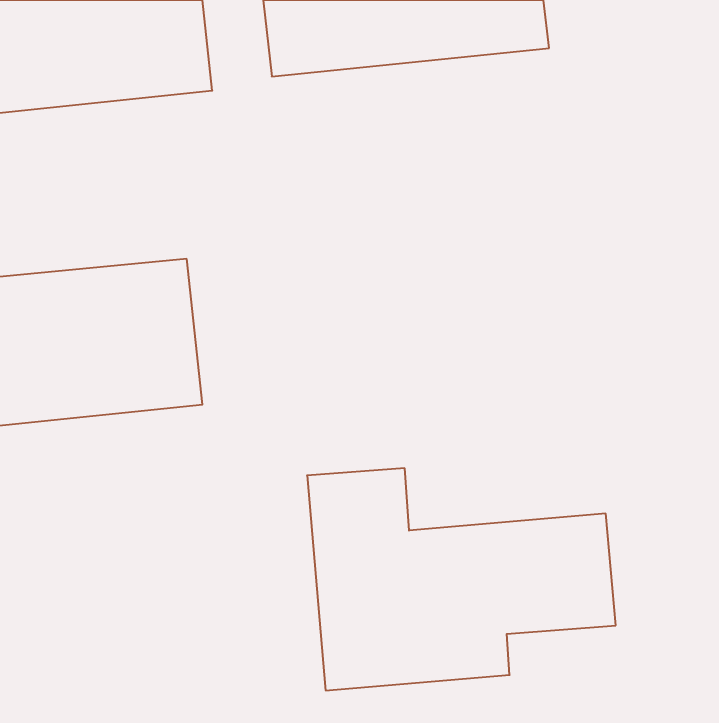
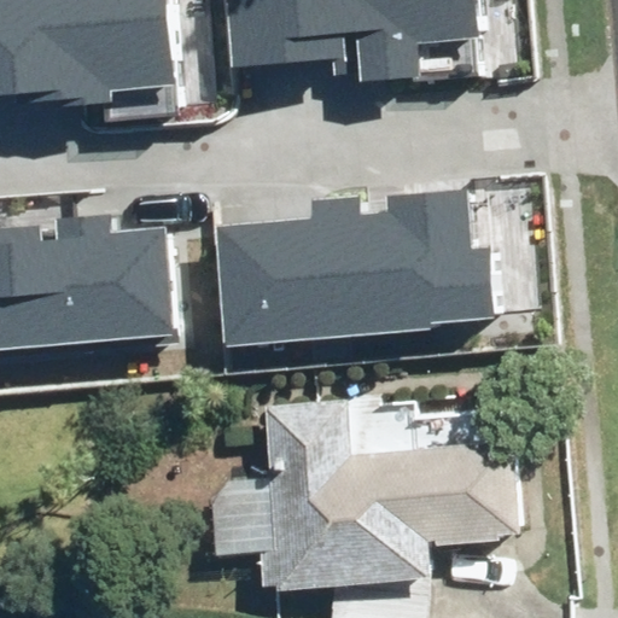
building: none -> [221,198,471,349]

